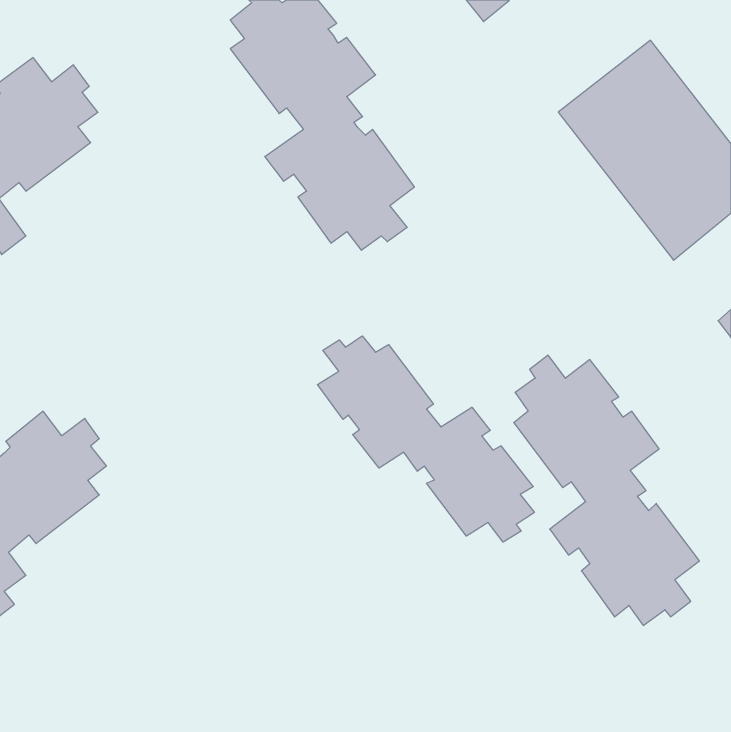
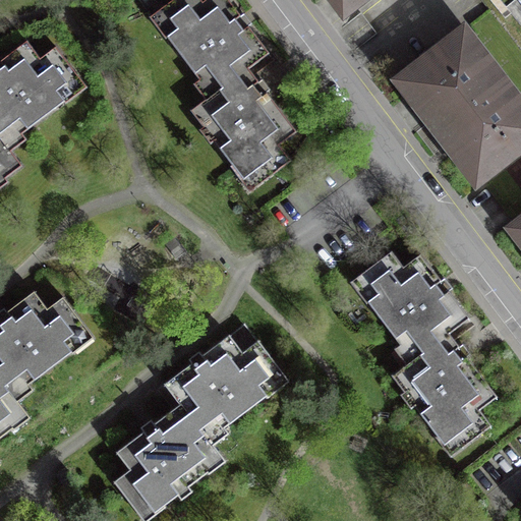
building: [317,336,534,542] -> none
building: none -> [111,337,271,508]

